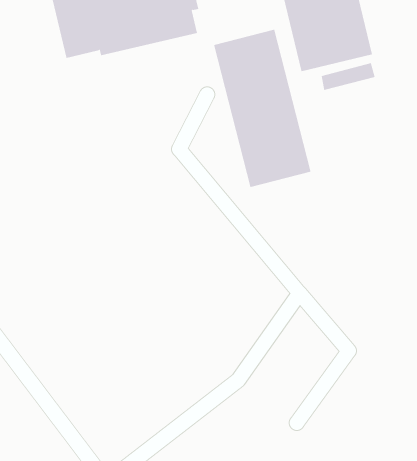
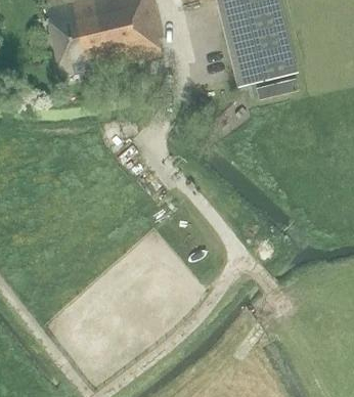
building: [213,29,311,188] -> none

